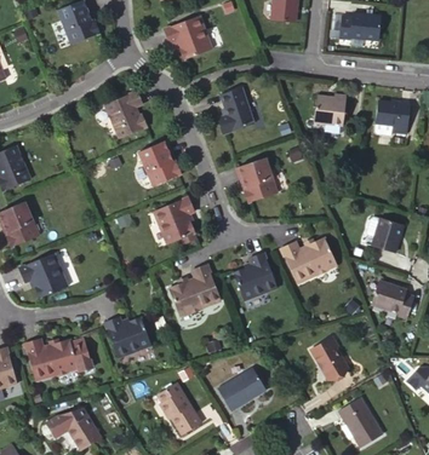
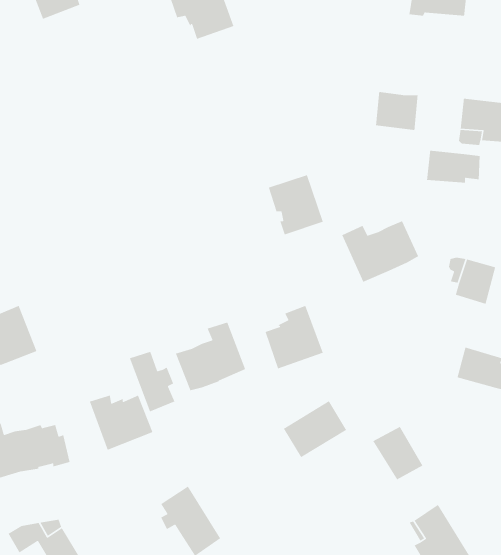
building: [219,86,253,131] -> none
building: [104,90,145,138] -> none
building: none -> [426,150,481,184]
building: [137,139,181,185] -> none
building: [153,196,194,243] -> none
building: [279,237,336,283] -> [341,220,419,283]
building: none -> [129,351,175,412]
building: [218,368,265,410] -> [283,400,347,458]

